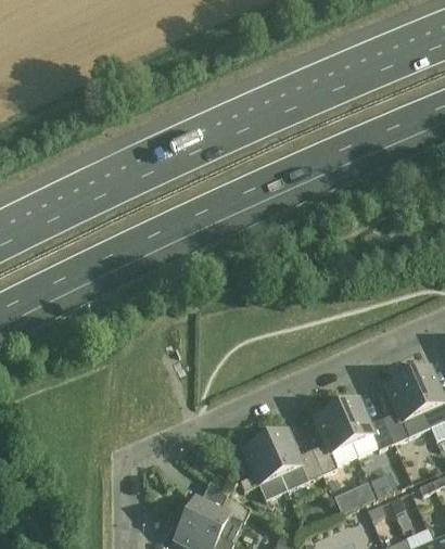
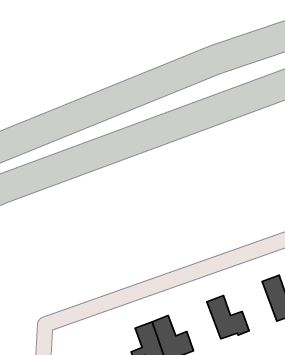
building: [381,376,428,443] -> none
building: [309,408,355,474] -> none

